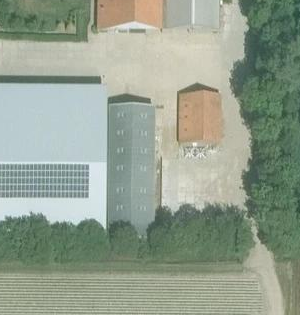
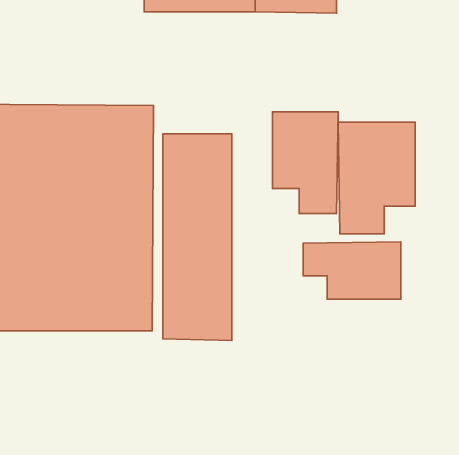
building: none -> [338,122,415,234]
building: none -> [303,242,401,299]

